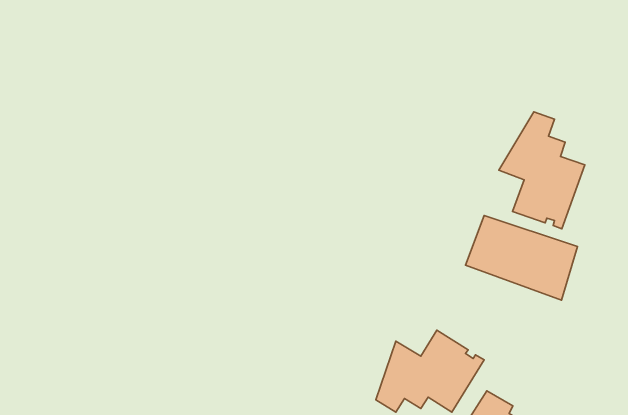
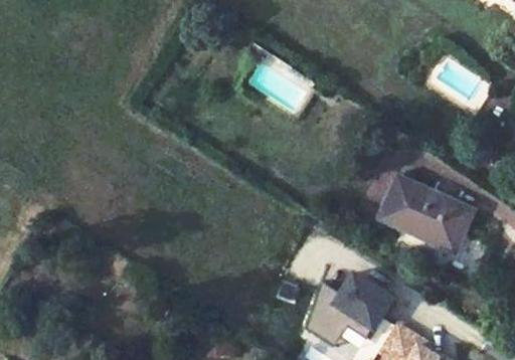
building: [499,112,585,229] -> none

